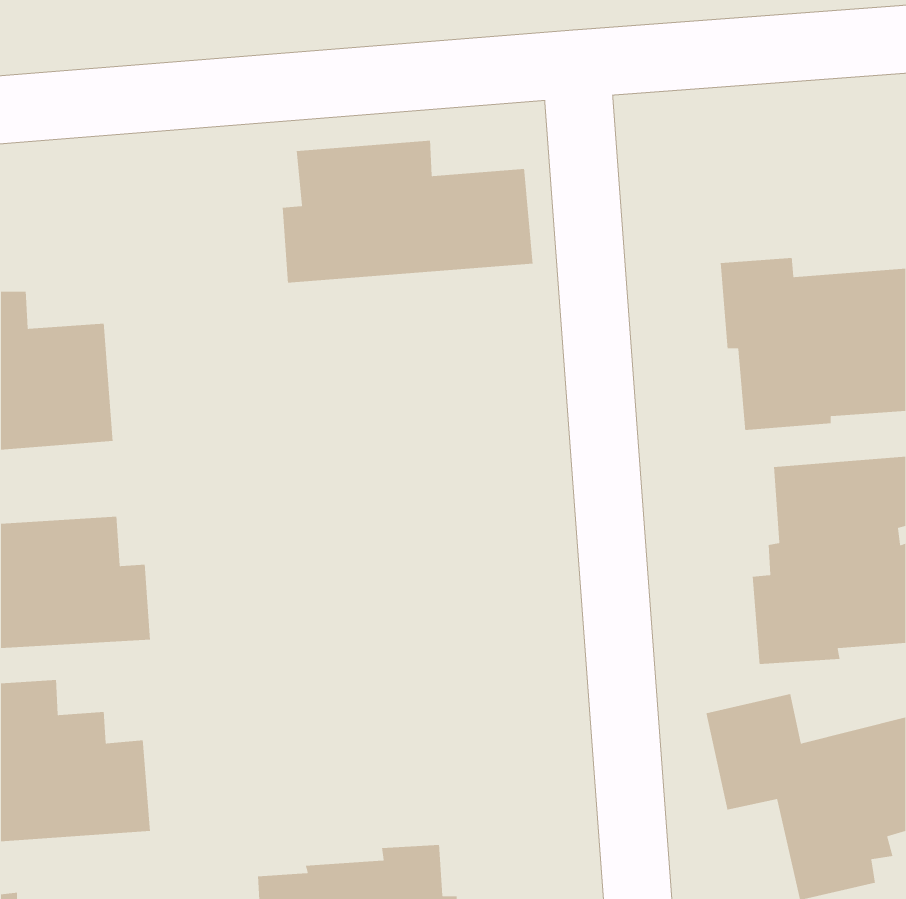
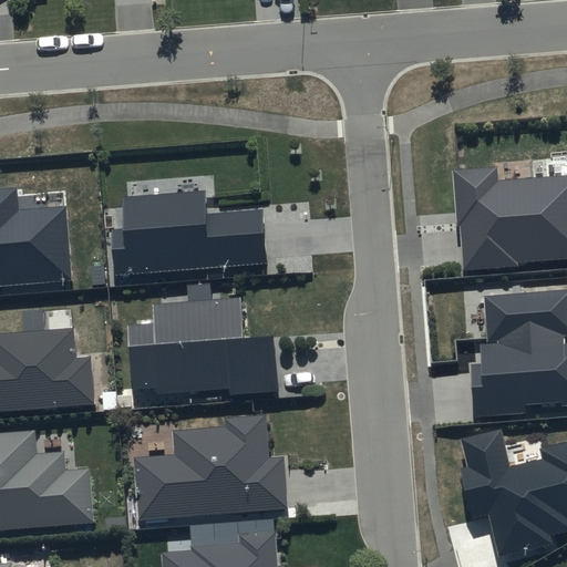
building: [282,140,534,284] -> [112,188,269,278]
building: none -> [128,295,277,394]
building: none -> [132,414,287,520]

